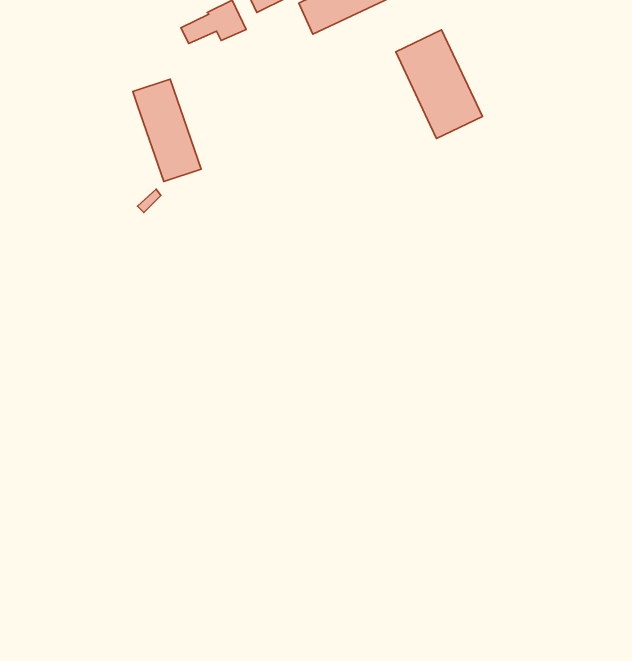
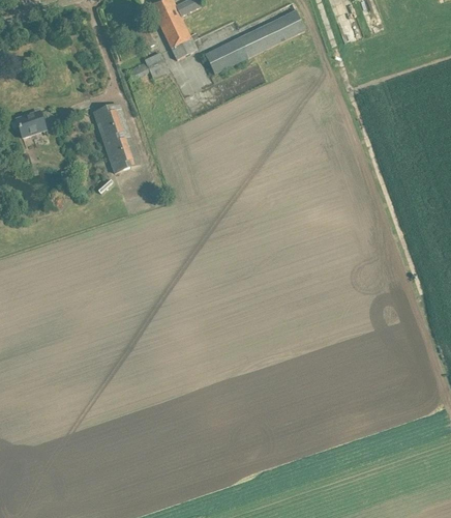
building: [396,30,482,138] -> none
building: none -> [9,110,46,137]

